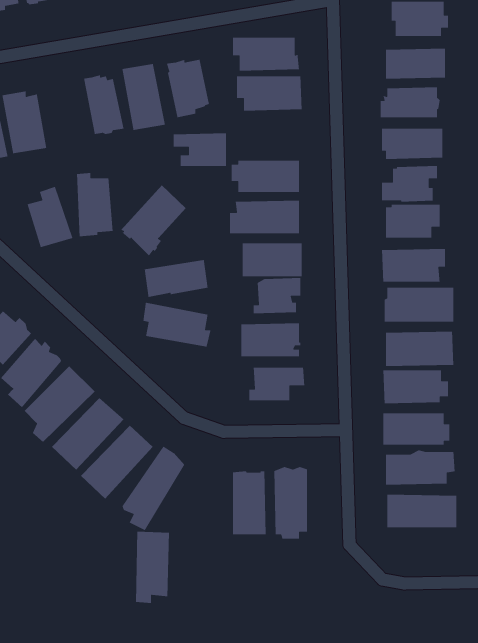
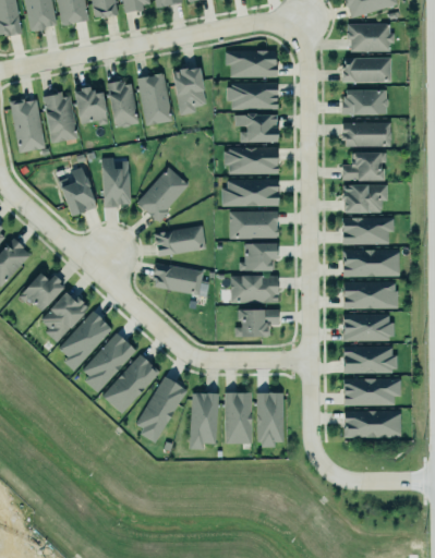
building: none -> [72,86,107,125]
building: [173,132,227,167] -> [233,114,276,142]
building: [135,531,170,604] -> [192,393,219,451]

